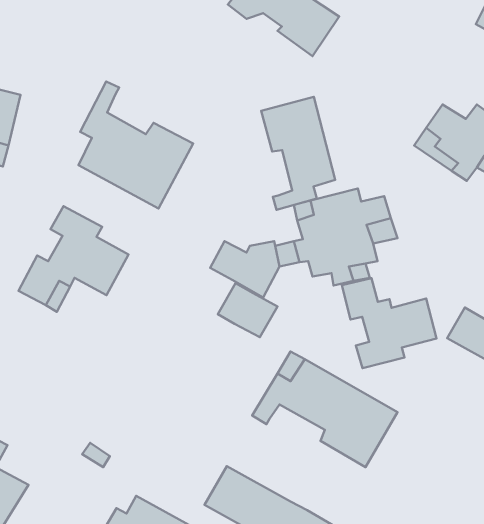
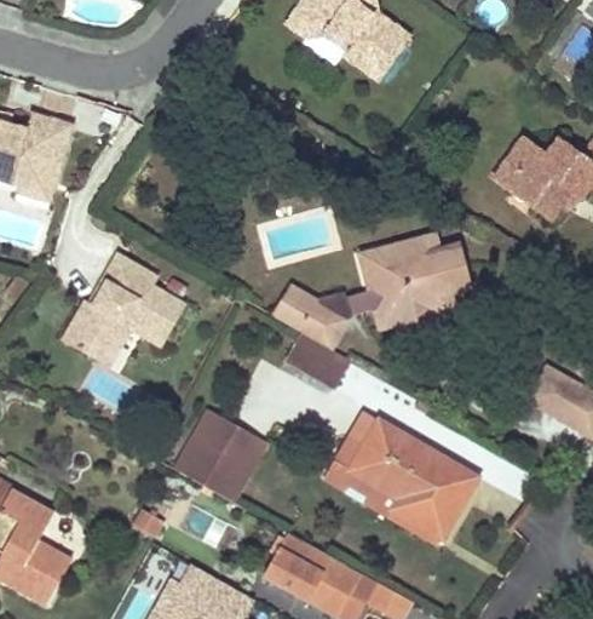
building: [78,81,193,209] -> none
building: [261,97,335,210] -> none
building: [342,278,437,368] -> none
building: none -> [183,414,276,508]
building: none -> [338,466,443,549]

